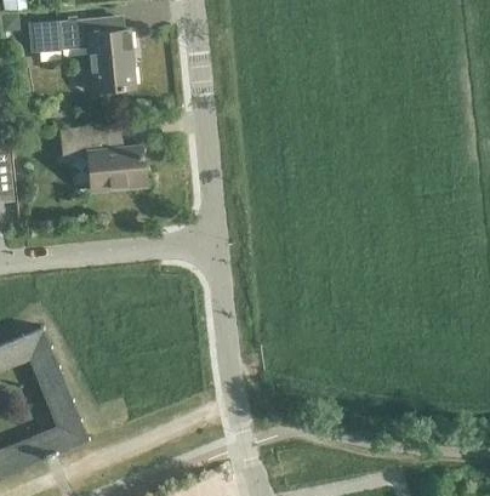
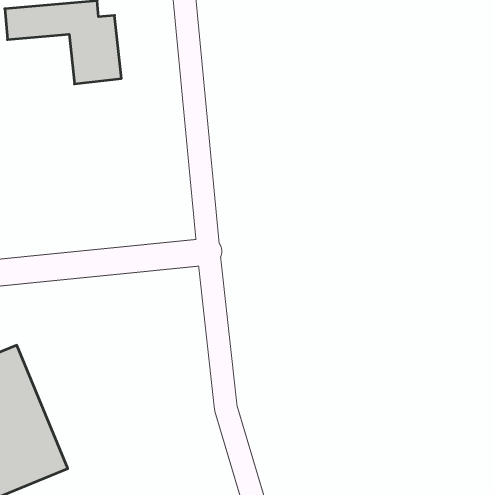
building: [62,124,146,190] -> none

